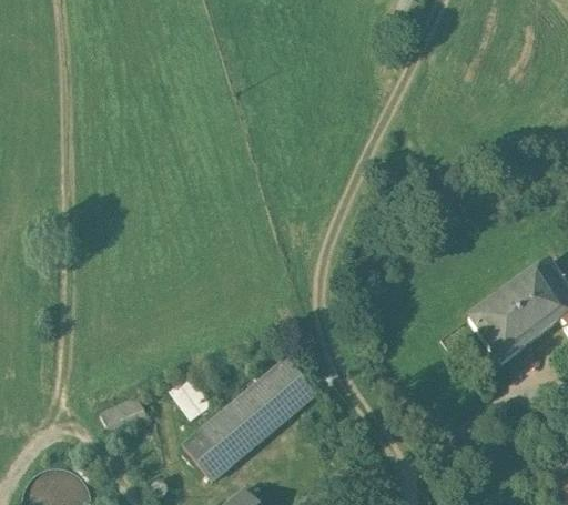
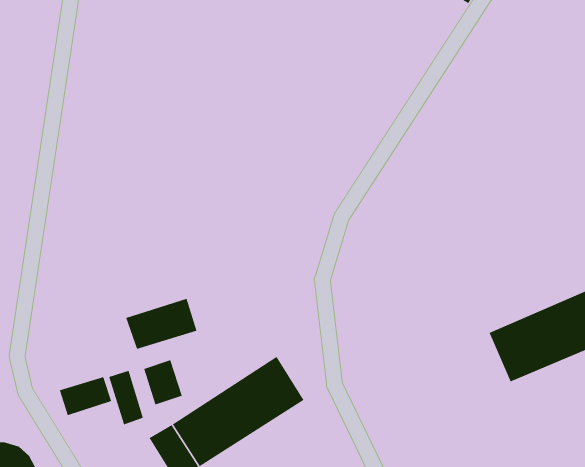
building: none -> [125,298,198,350]
building: none -> [108,370,144,425]

